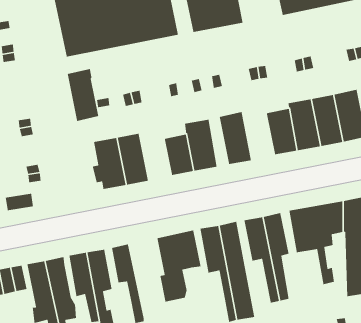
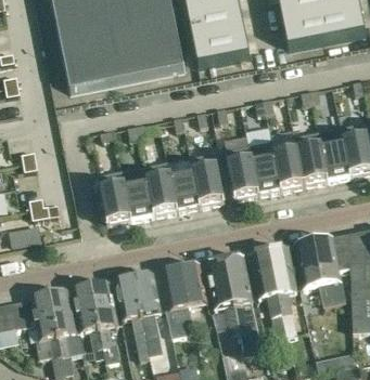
building: [67,68,99,122] -> [144,160,177,214]
building: none -> [248,140,281,194]
building: none -> [133,274,160,353]

